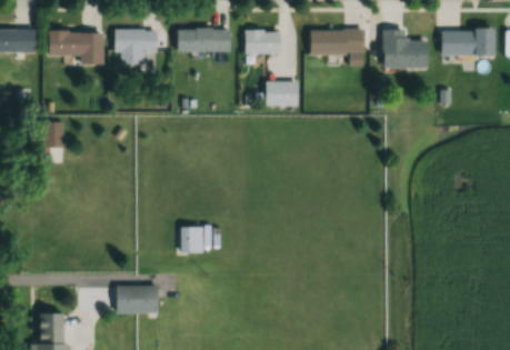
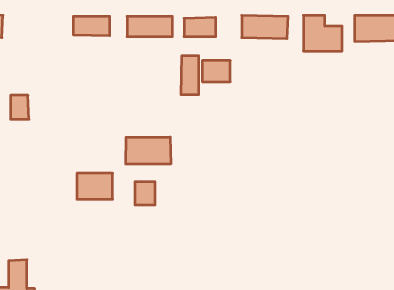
building: [48,32,103,66] -> none
building: none -> [181,56,199,95]
building: none -> [126,137,171,164]
building: [117,284,158,314] -> [77,173,113,199]

